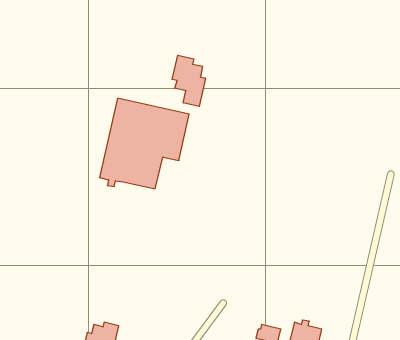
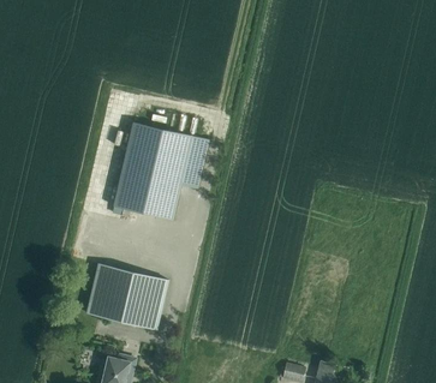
building: [172,55,205,106] -> none
building: none -> [85,264,168,330]

